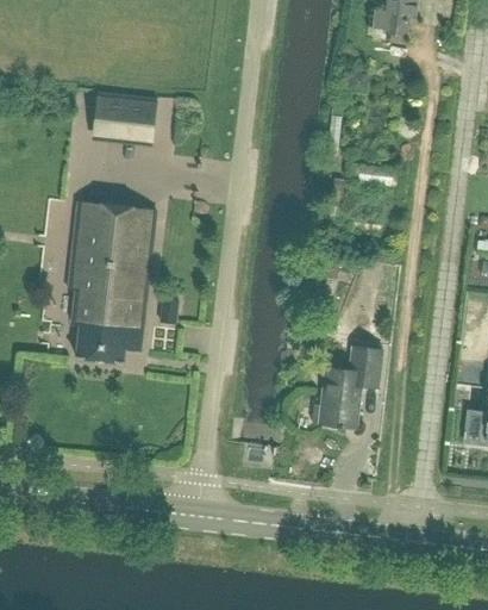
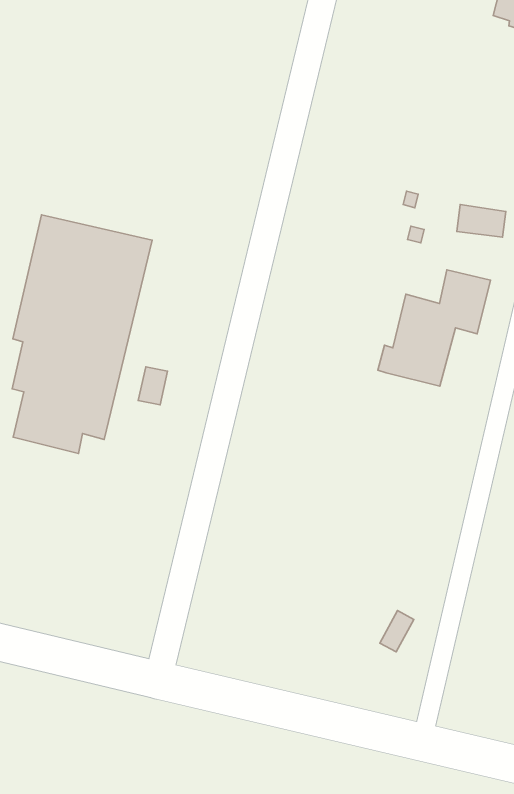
building: [93,92,155,130] -> none
building: [311,348,381,429] -> [378,270,490,386]

